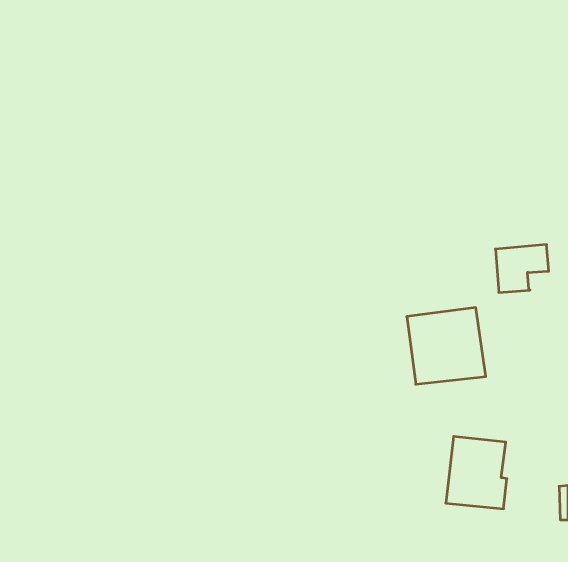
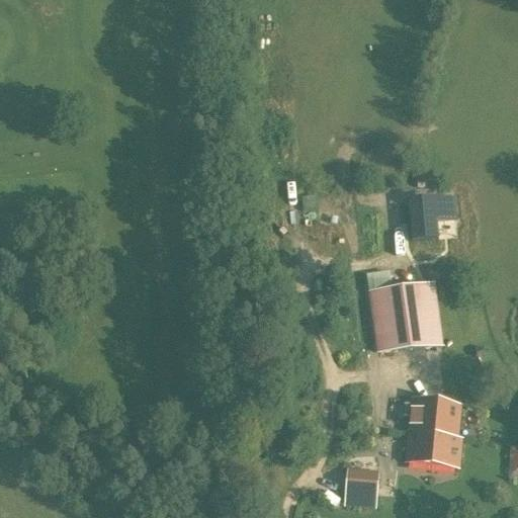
building: [495,245,549,292] -> [408,193,456,237]
building: none -> [344,465,378,506]

